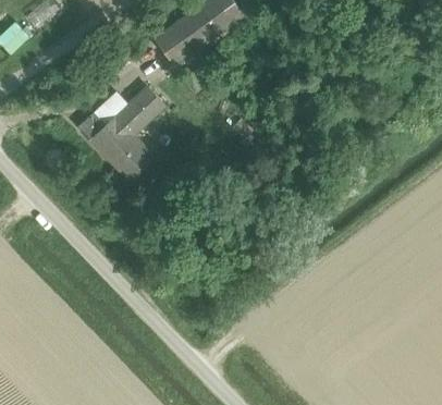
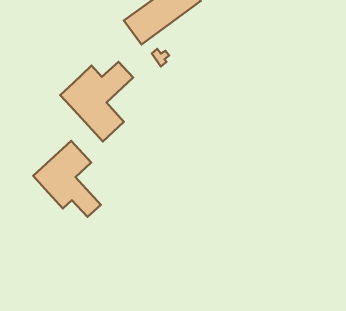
building: none -> [33,141,101,217]

